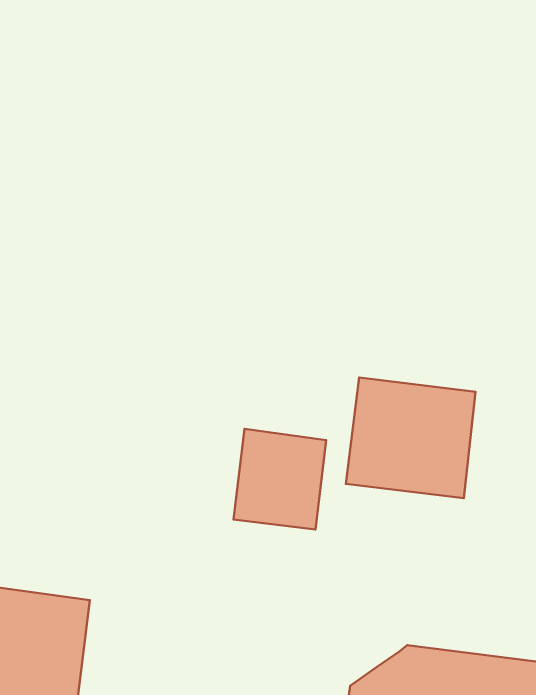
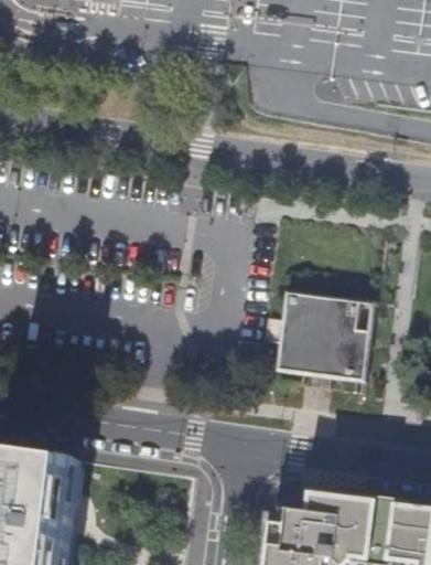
building: [233,429,326,530] -> none

